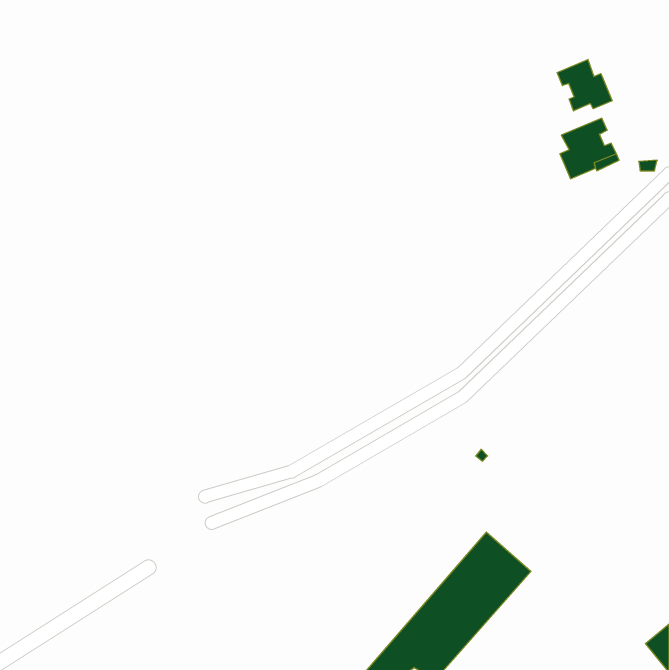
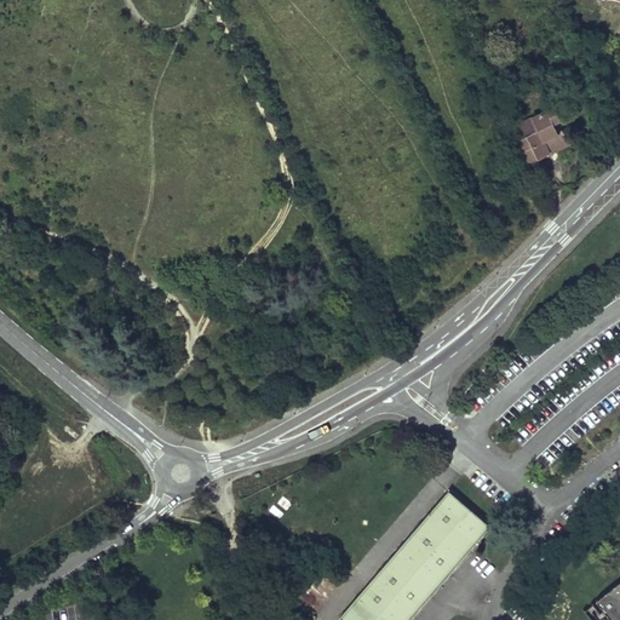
building: [557,59,612,111] -> none

